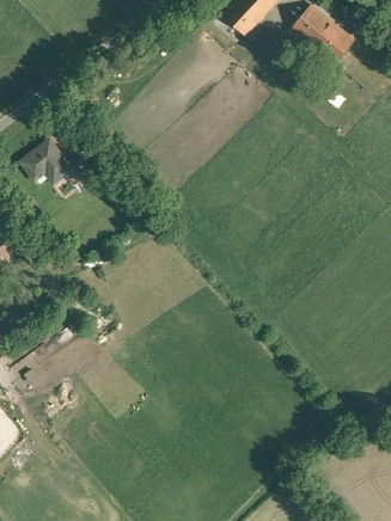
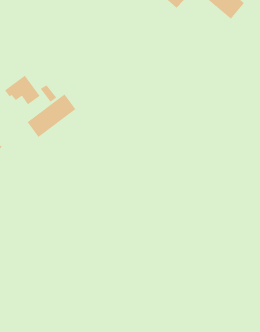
building: none -> [27,94,76,138]

